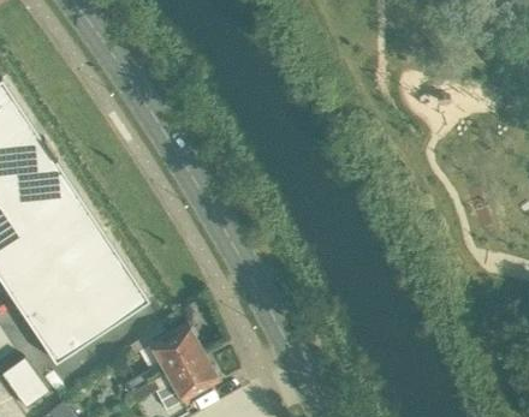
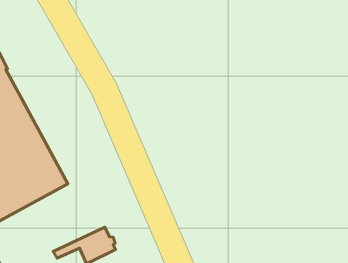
building: [125,326,202,395] -> none

